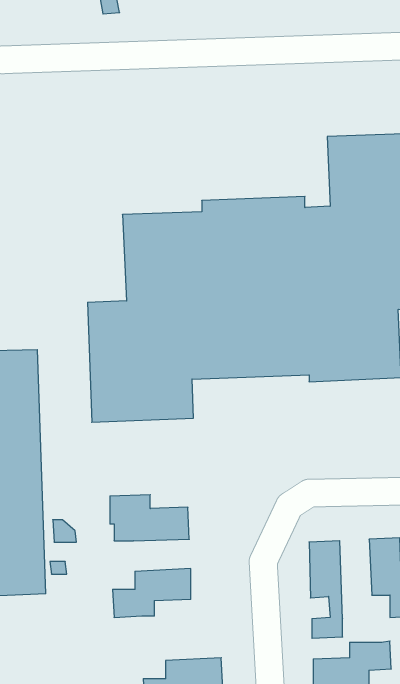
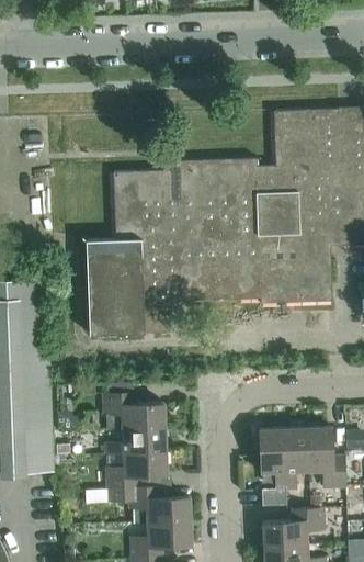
building: none -> [104,428,167,454]
building: none -> [284,428,309,491]
building: none -> [86,487,191,524]

